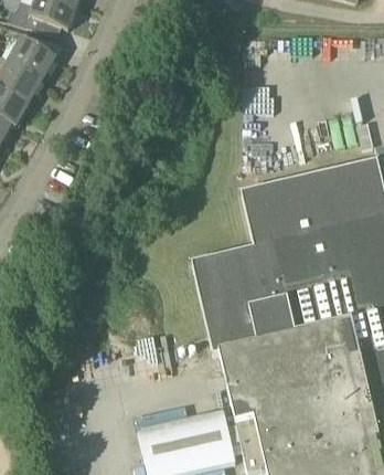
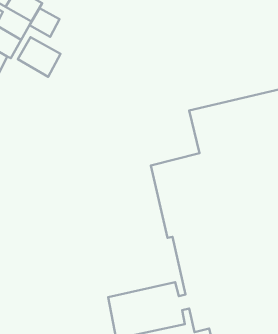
building: none -> [30,8,60,37]
building: none -> [18,37,60,77]

